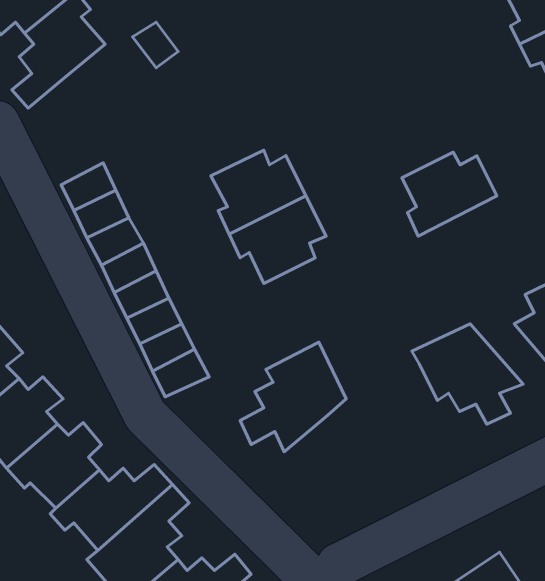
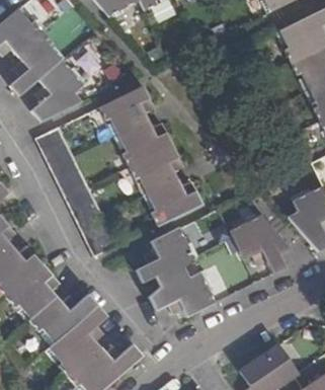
building: none -> [29,62,82,124]
building: none -> [100,87,154,135]
building: [402,152,497,236] -> [149,180,201,227]
building: none -> [149,267,214,316]

